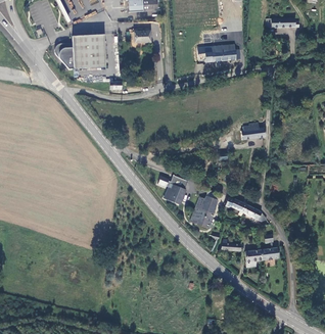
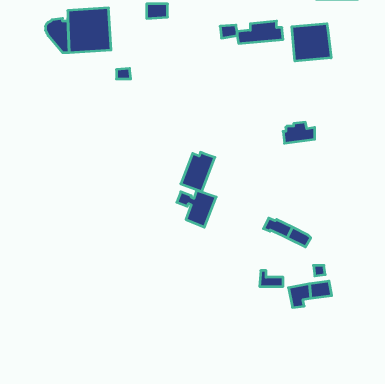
building: none -> [292,24,331,61]
building: [190,196,217,227] -> [181,152,215,192]

